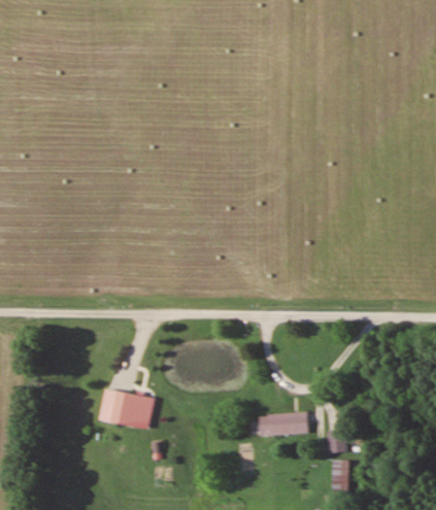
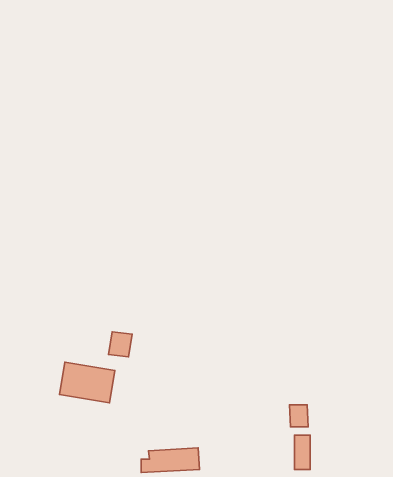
building: none -> [108,332,132,357]
building: [250,412,308,437] -> [141,448,199,473]

